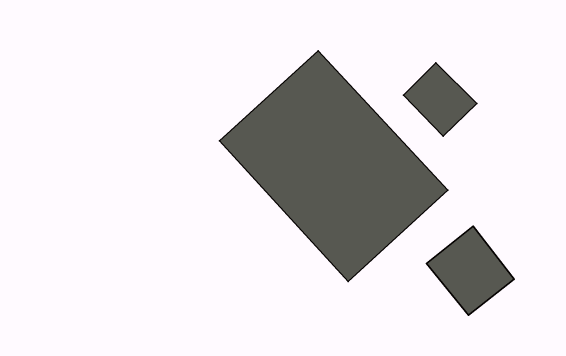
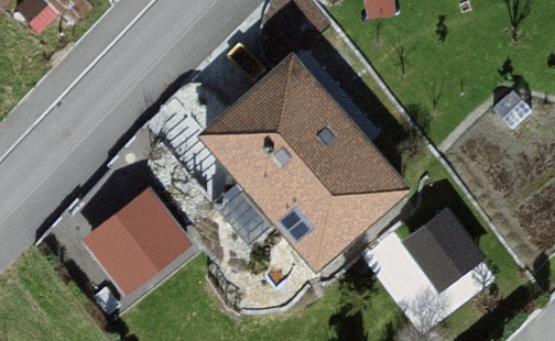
building: none -> [88,189,194,293]

